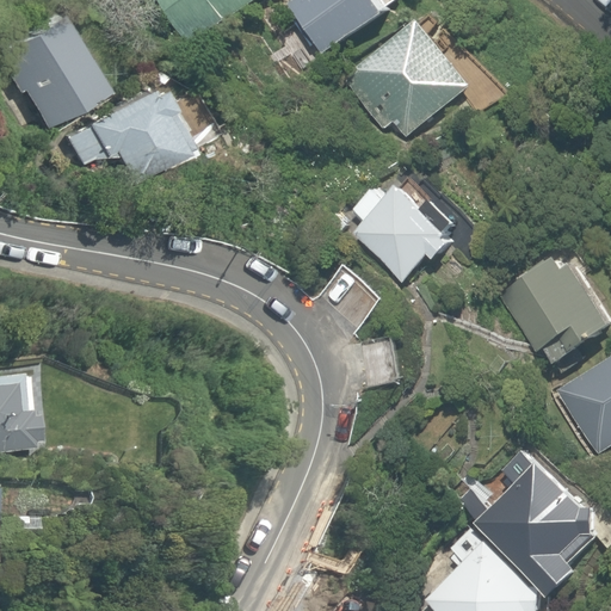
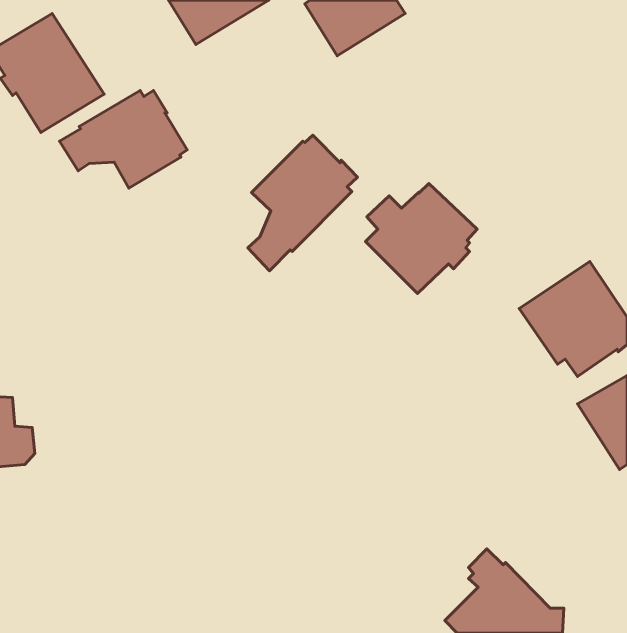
building: [344,18,474,137] -> none
building: none -> [248,135,357,271]
building: [468,450,597,597] -> none

